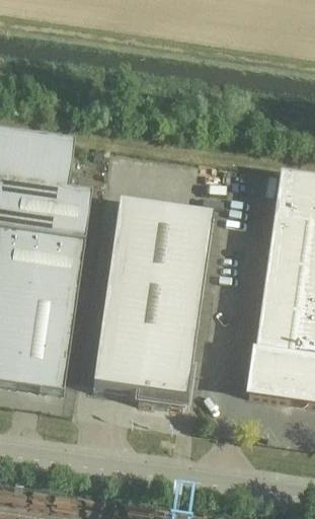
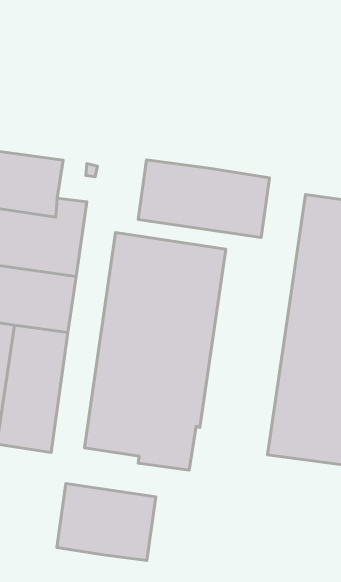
building: none -> [138,160,269,238]
building: none -> [57,484,156,561]

